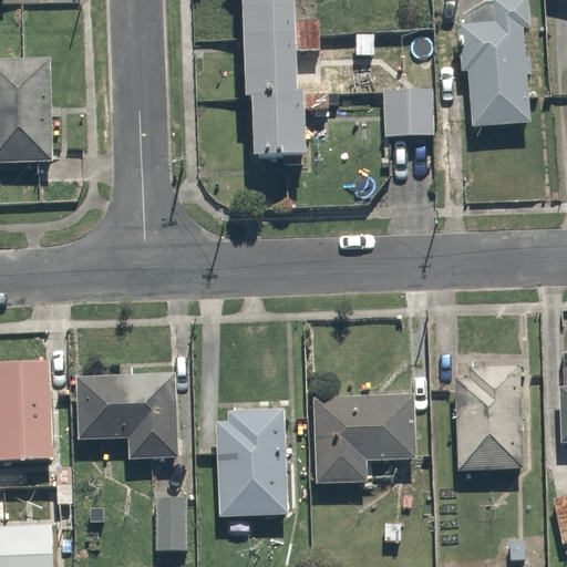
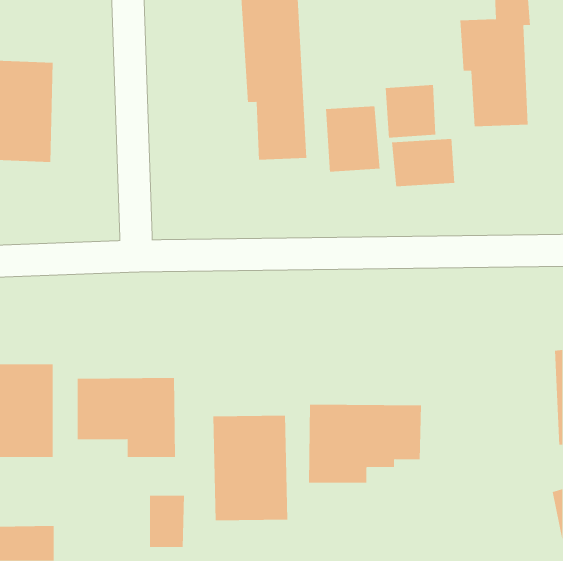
building: none -> [325,105,380,172]
building: none -> [391,138,455,187]
building: [447,368,533,470] -> none

